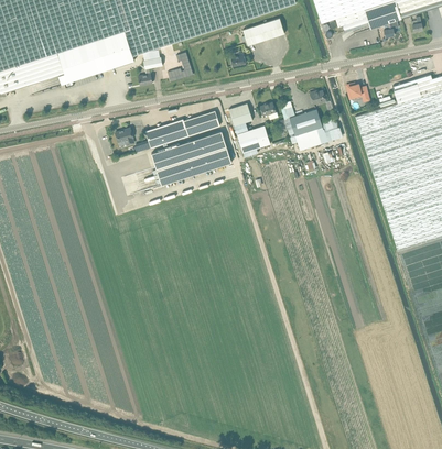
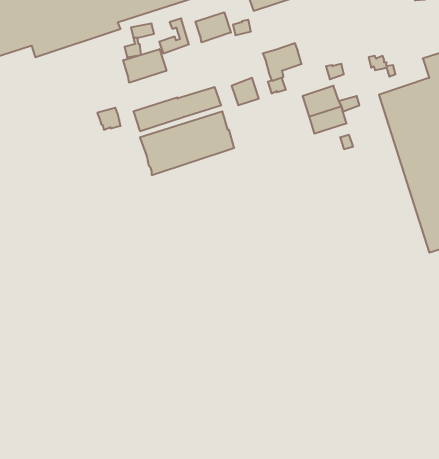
building: none -> [196,12,231,42]
building: none -> [123,49,166,83]
building: [237,124,270,156] -> [263,43,302,81]

